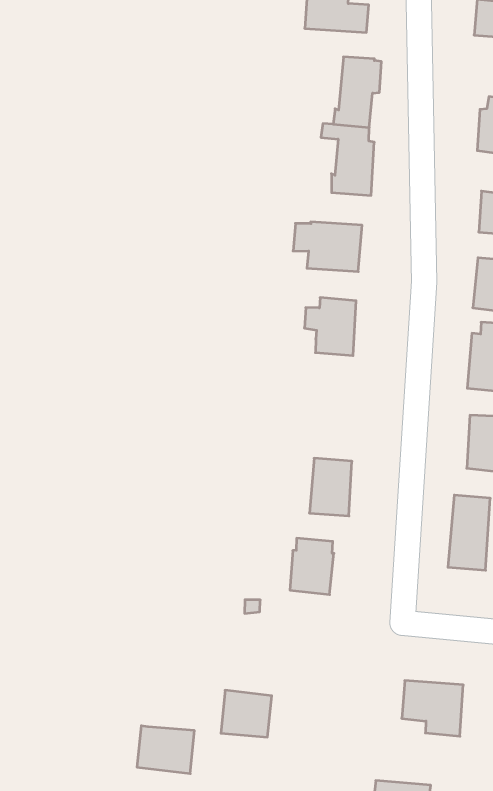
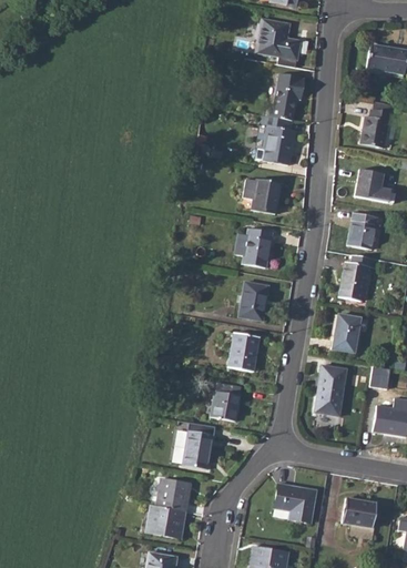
building: none -> [238,282,267,321]
building: none -> [183,430,213,468]
building: [137,726,194,774] -> [145,504,185,538]

